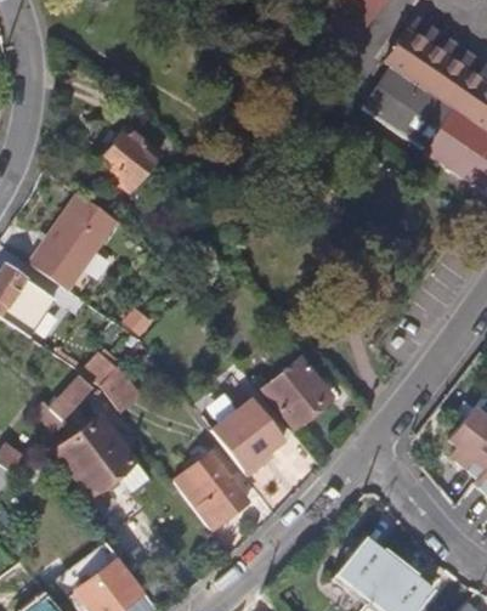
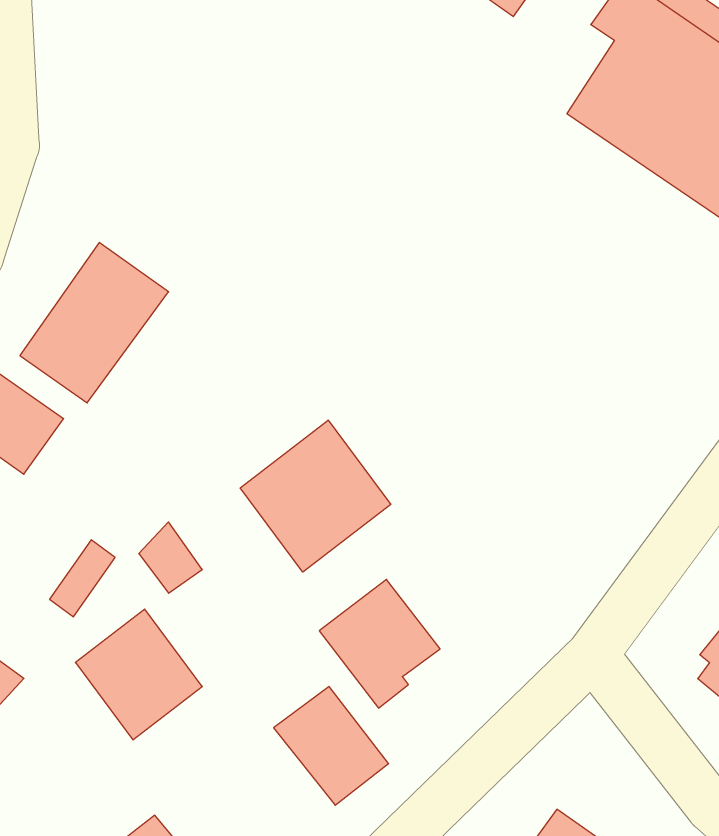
building: [91,124,158,189] -> none
building: none -> [240,420,391,572]
building: [260,361,325,426] -> none

